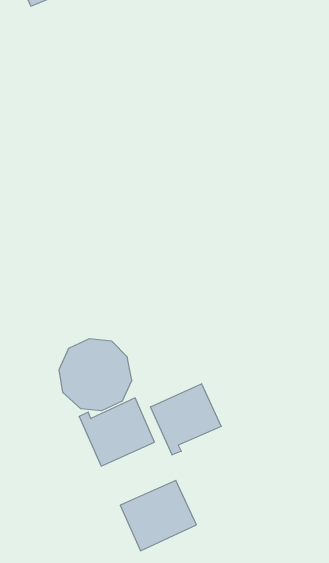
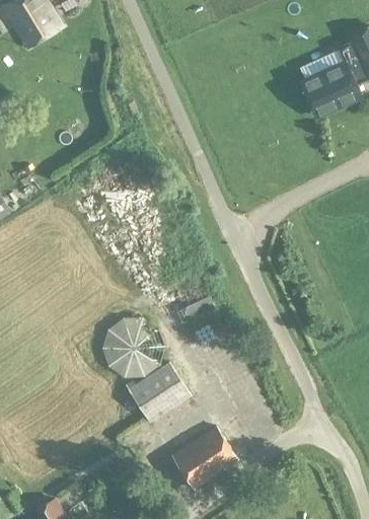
building: [151,384,221,455] -> none

